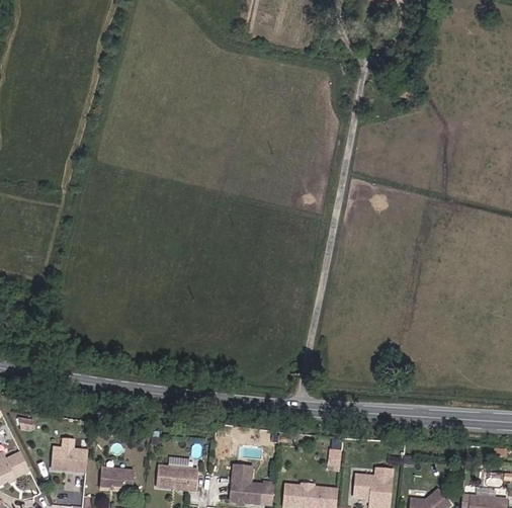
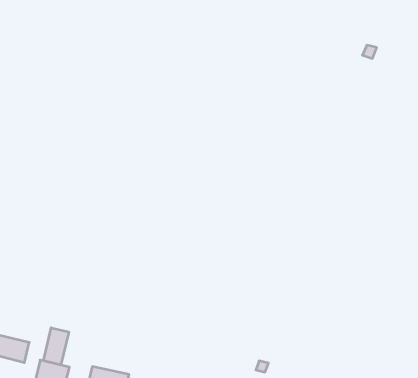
building: none -> [43,328,69,365]

